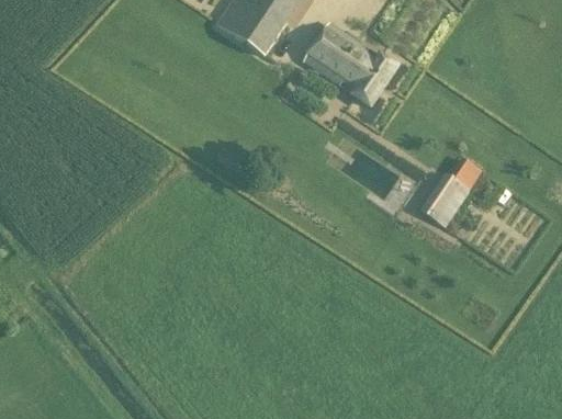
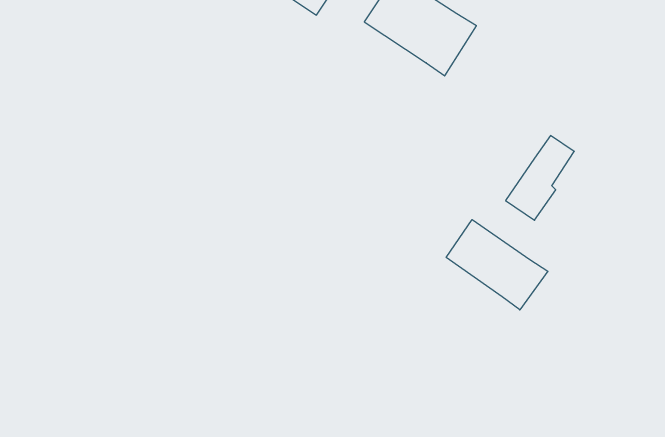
building: none -> [446,220,548,310]

